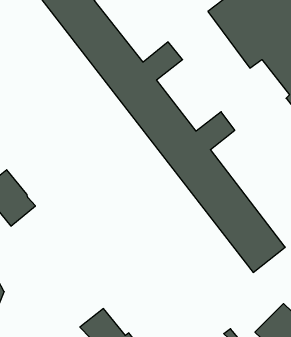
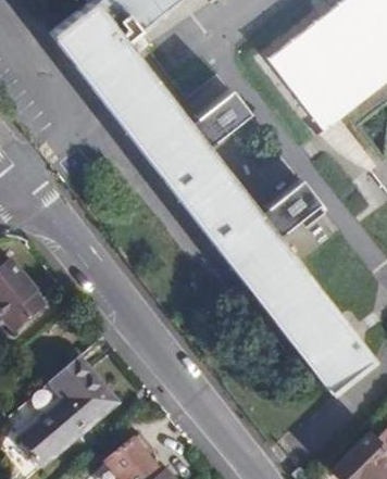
building: none -> [18,357,118,466]

